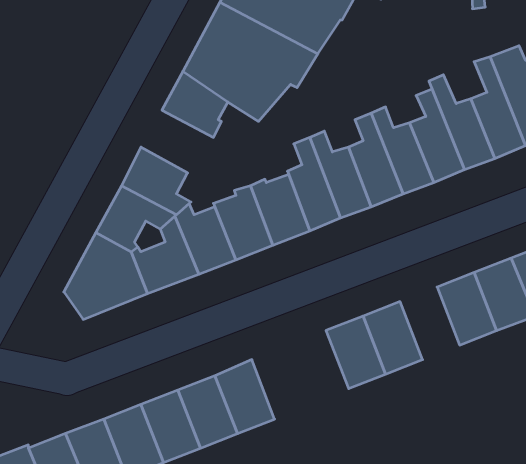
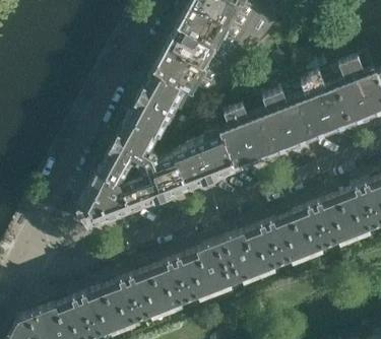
building: none -> [126,94,172,135]
building: none -> [290,206,327,252]
building: none -> [195,232,257,289]

